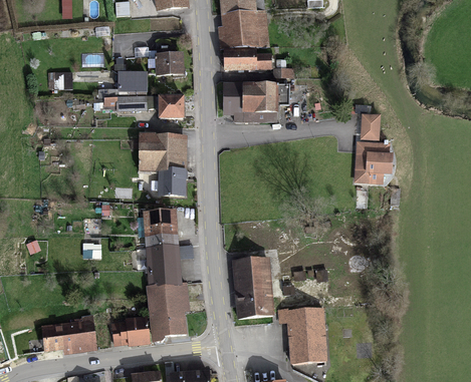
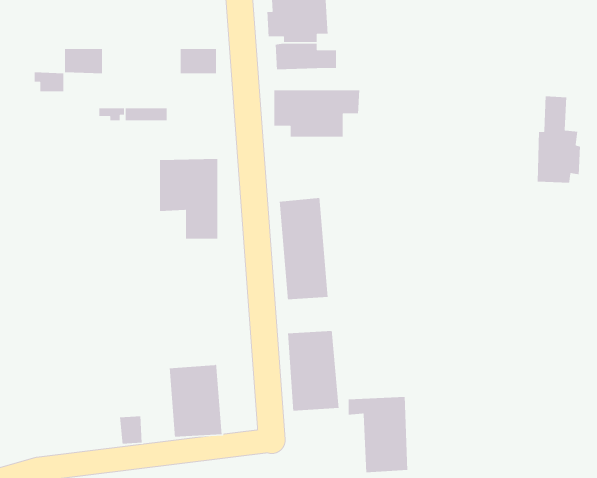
building: [119,72,147,91] -> [64,48,103,74]
building: [160,97,184,118] -> none
building: [351,112,384,176] -> [537,95,581,183]
building: [145,212,181,287] -> [279,197,328,300]
building: [42,315,94,351] -> none
building: [127,317,148,345] -> none

